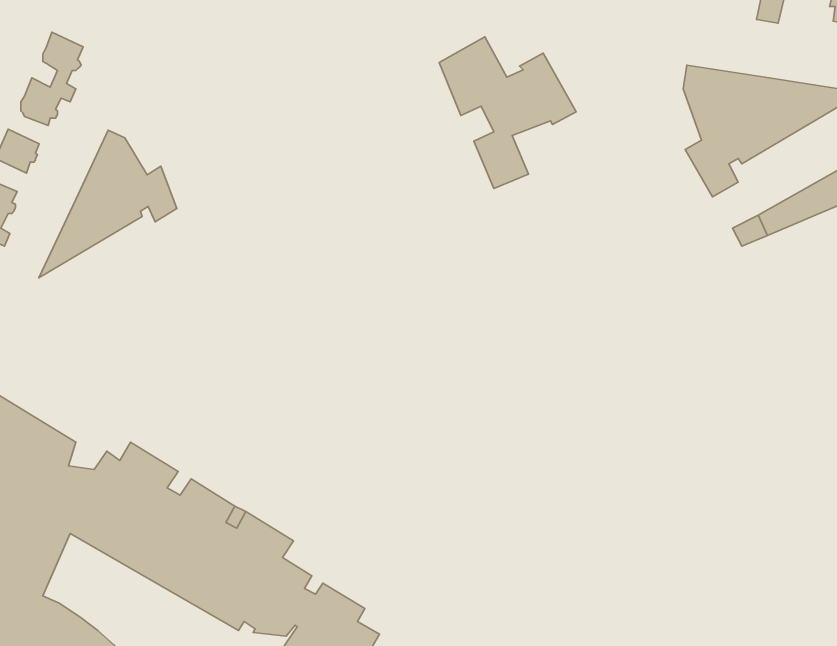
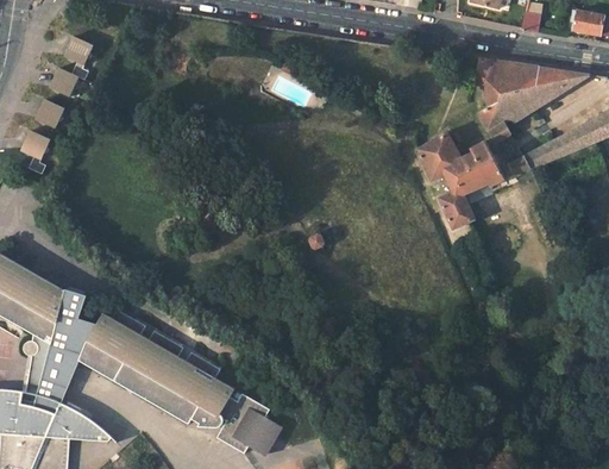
building: [439,37,576,189] -> [417,130,507,229]
building: [39,130,177,278] -> none

